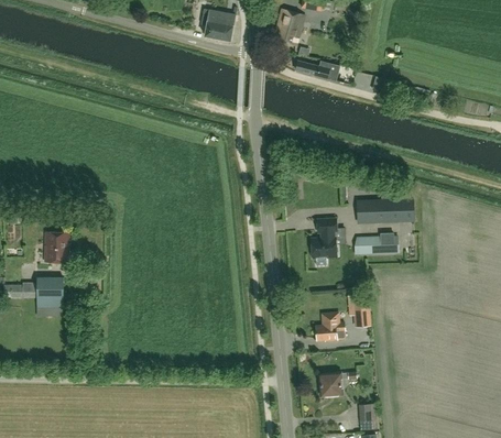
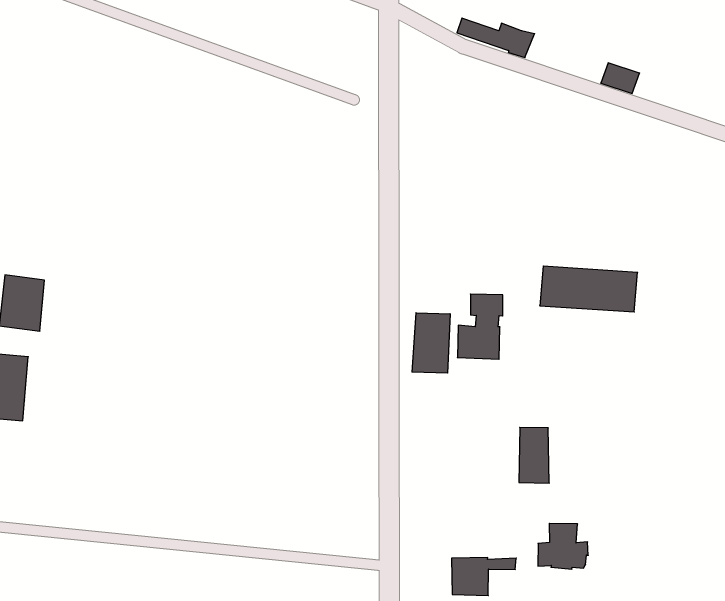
building: none -> [412,313,450,373]
building: [359,237,397,254] -> none
building: [315,314,345,340] -> [538,523,588,569]

